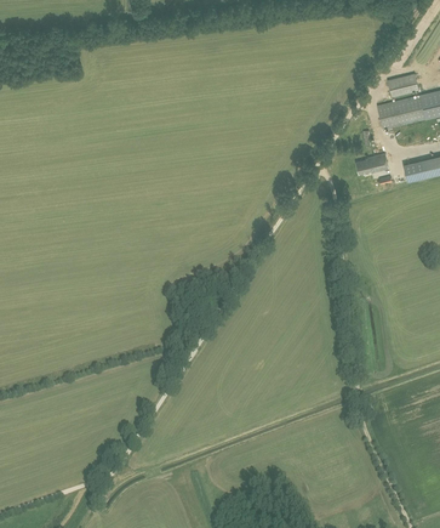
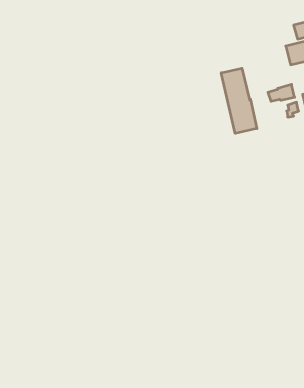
building: none -> [221,68,257,133]

